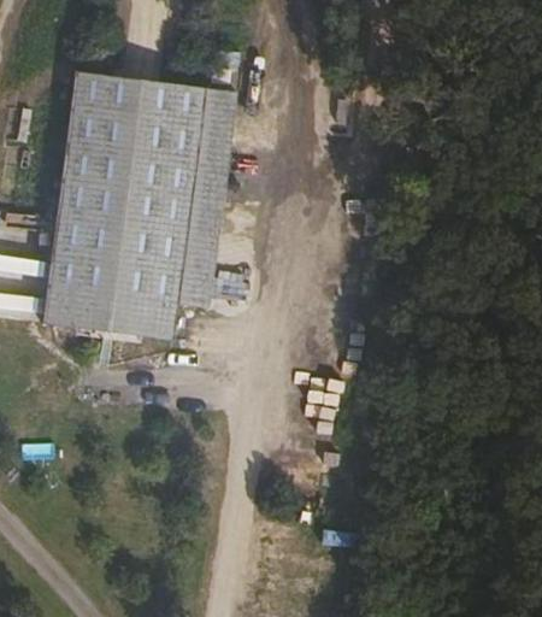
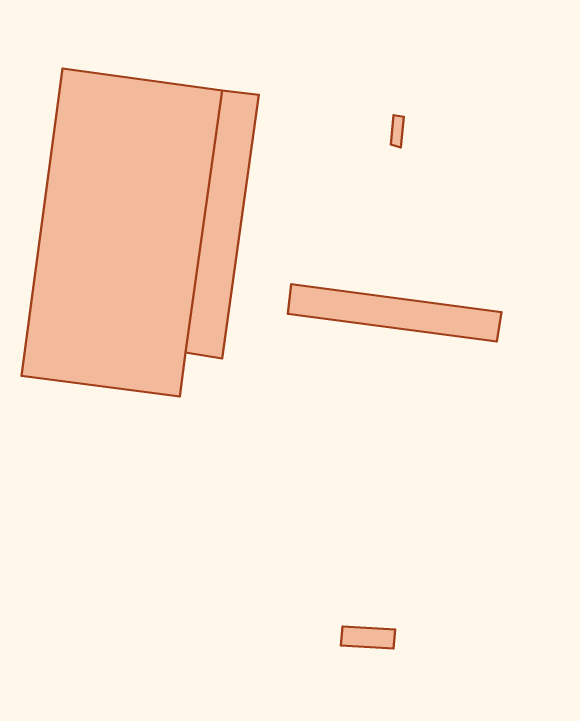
building: none -> [288,284,501,342]

